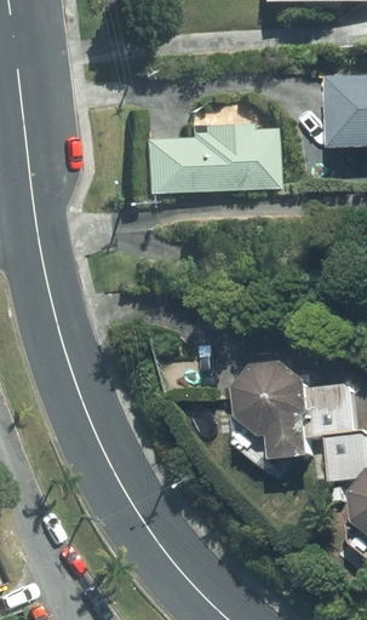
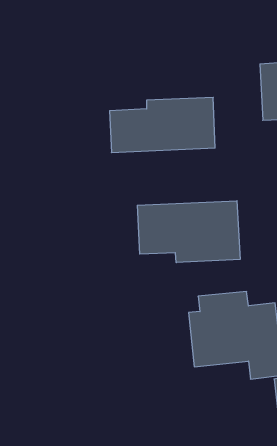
building: none -> [137,201,240,263]

